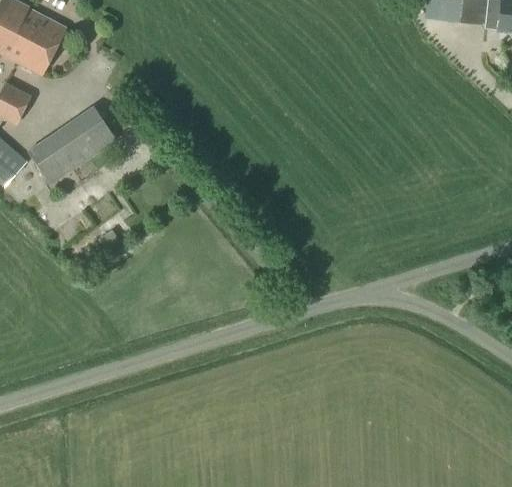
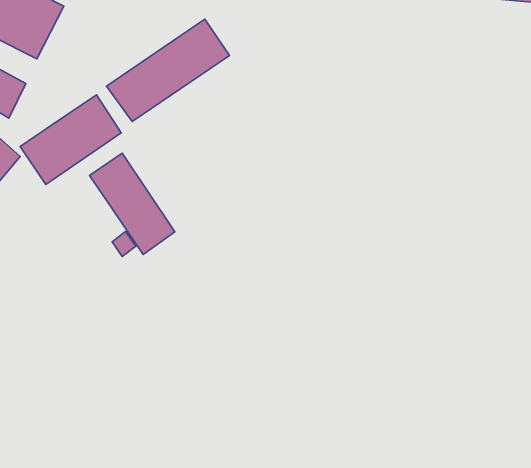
building: none -> [107,19,230,121]
building: none -> [90,153,175,255]

